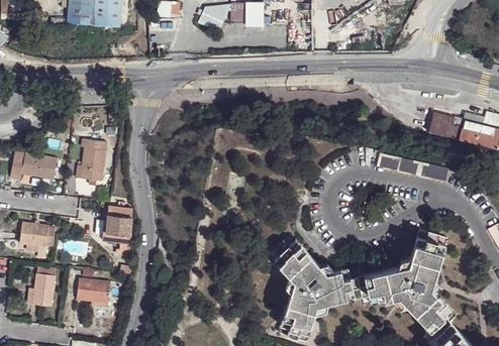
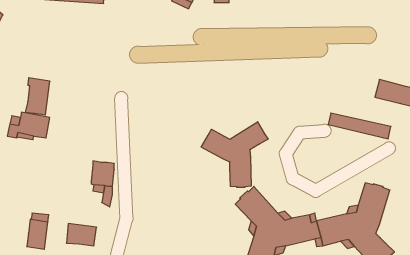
building: [79,139,107,182] -> [25,78,50,115]
building: none -> [201,122,268,187]
building: [19,222,56,247] -> none

